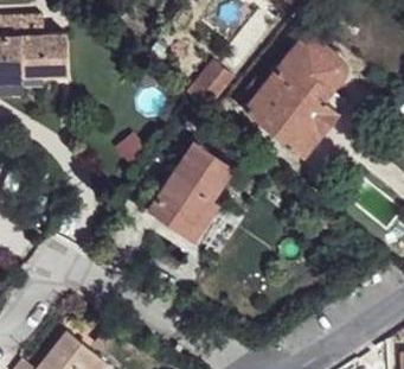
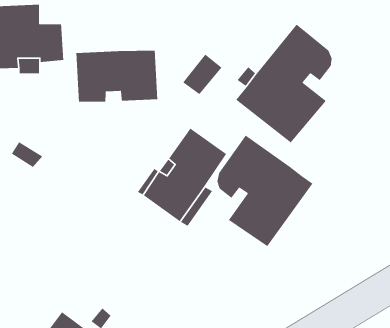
building: none -> [76,50,158,103]
building: none -> [216,134,314,247]

